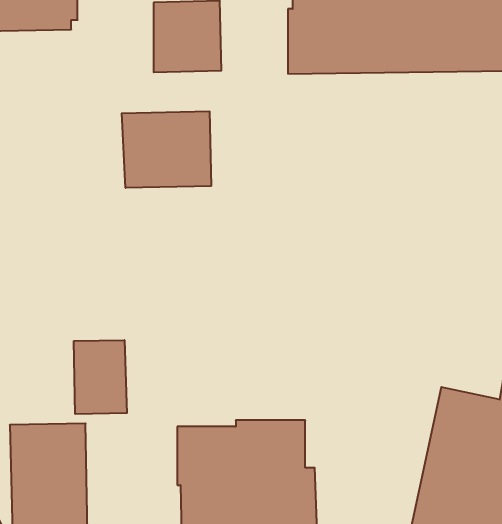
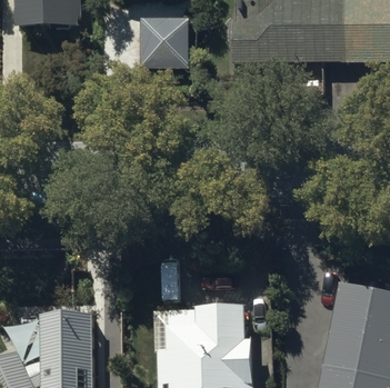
building: [122,111,211,188] -> none
building: [74,340,127,414] -> none

